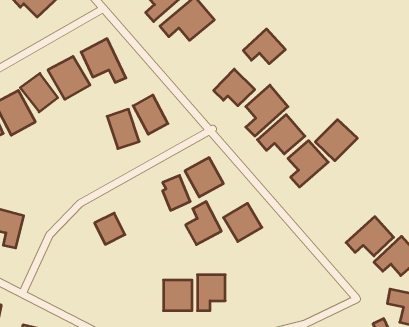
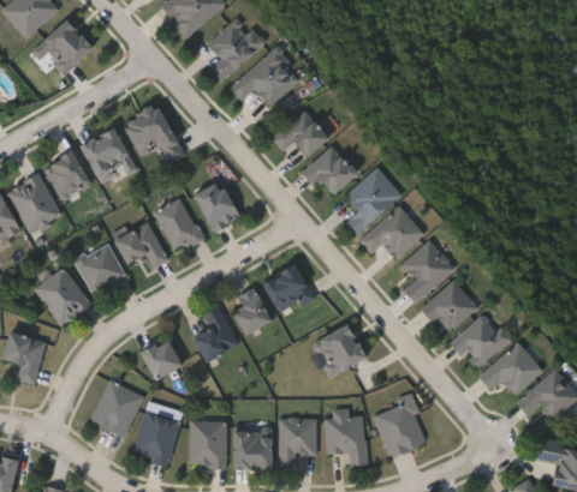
building: [243,29,285,64] -> [272,109,328,156]
building: [315,120,357,161] -> [421,280,477,335]
building: none -> [114,221,167,268]
building: none -> [75,241,125,293]
building: none -> [34,266,91,326]
building: none -> [451,311,511,371]
building: [186,202,221,245] -> [191,305,239,362]
building: none -> [91,380,144,437]
building: none -> [374,402,426,457]
building: none -> [133,412,182,467]
building: none -> [325,416,368,466]
building: none -> [190,422,226,467]

